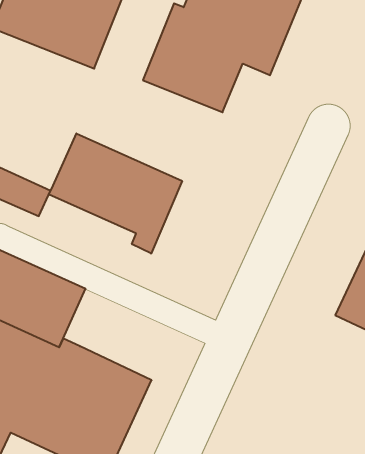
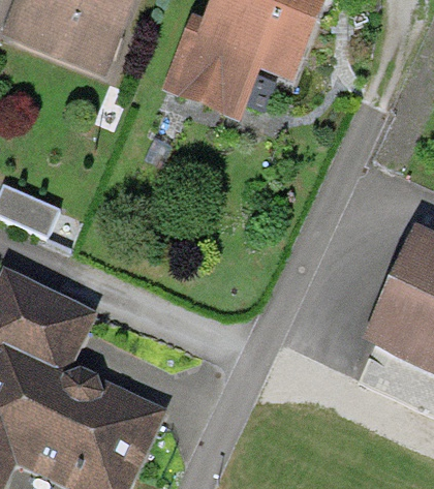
building: [49,133,182,254] -> none

